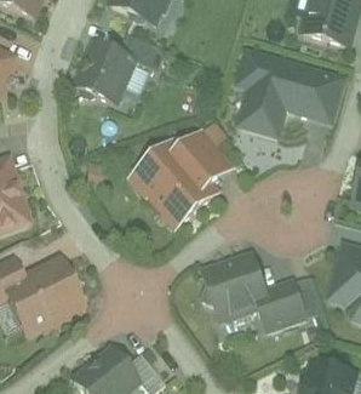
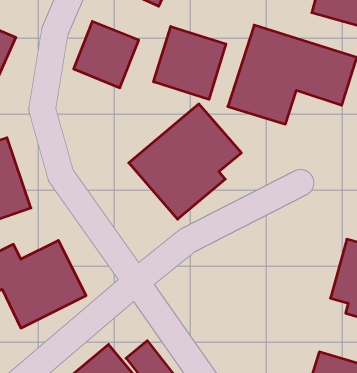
building: none -> [154,26,226,99]
building: [199,247,308,331] -> none

